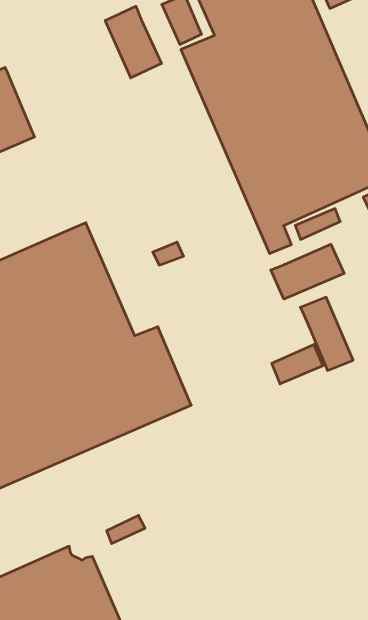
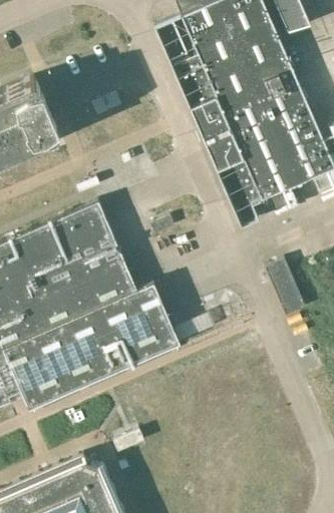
building: [105,6,161,78] -> none
building: [271,244,344,299] -> none
building: [272,344,323,384] -> none

